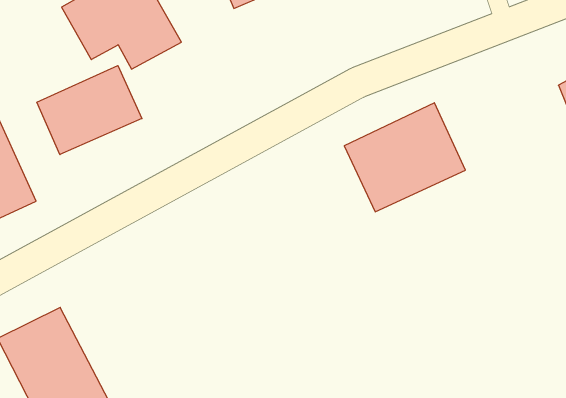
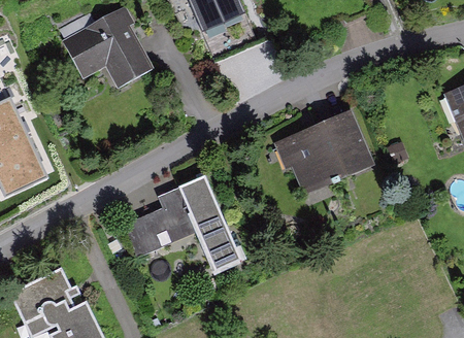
building: [37,66,142,155] -> none
building: none -> [129,174,238,270]

